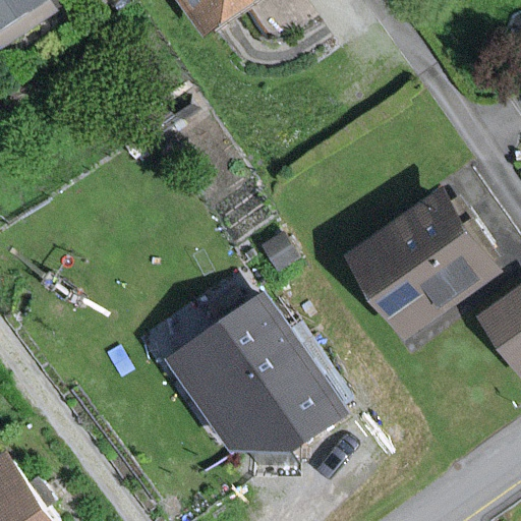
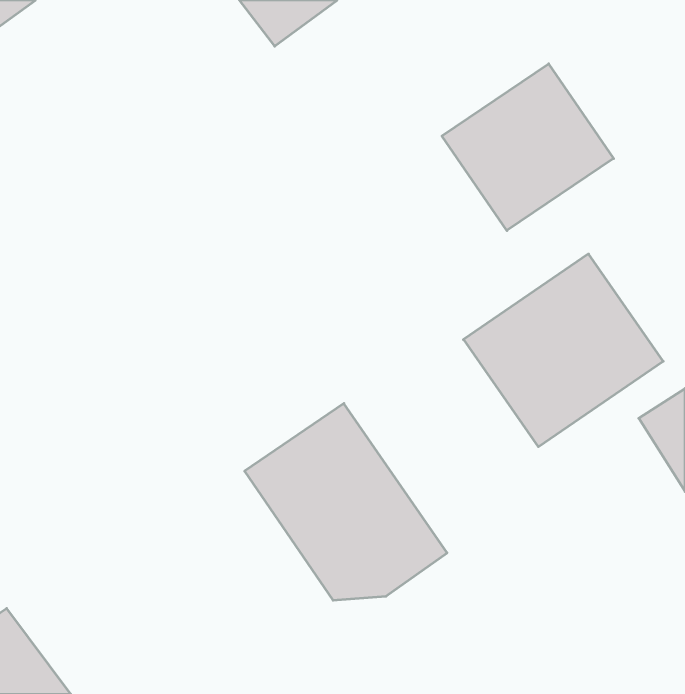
building: none -> [442,64,614,231]

